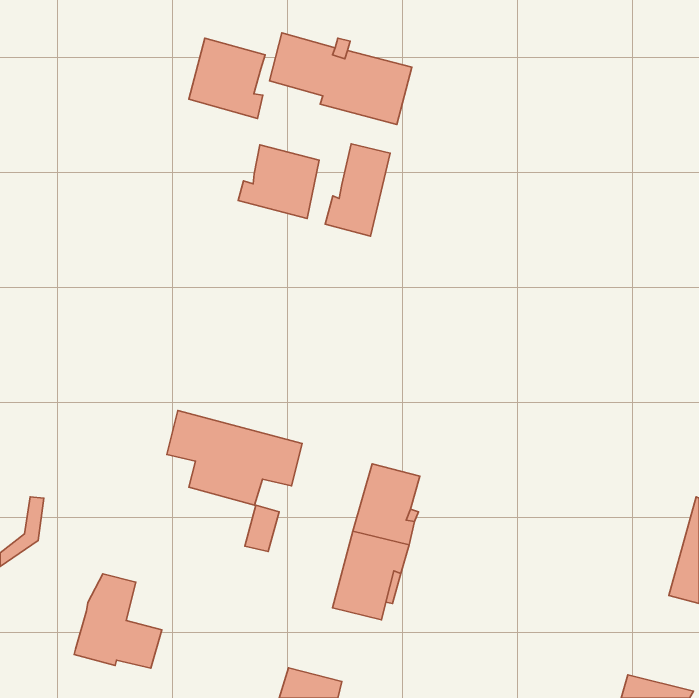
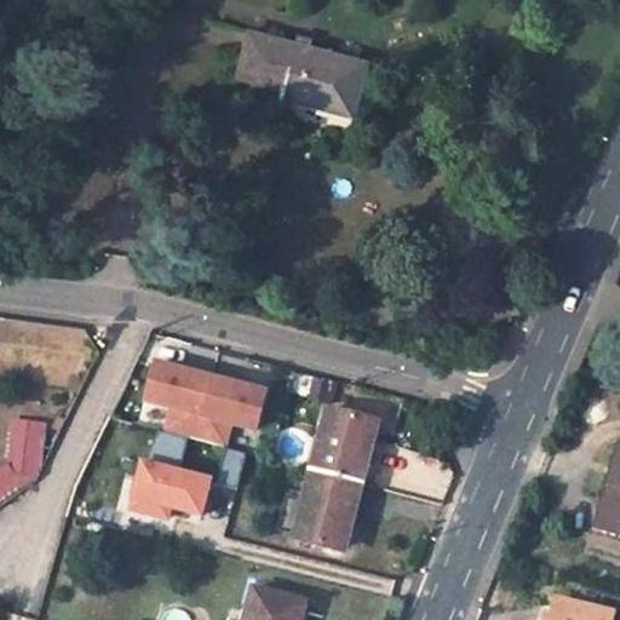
building: [189,38,265,118] -> none
building: [325,144,390,236] -> none
building: [238,145,319,219] -> none
building: [74,574,162,668] -> [133,430,211,513]

